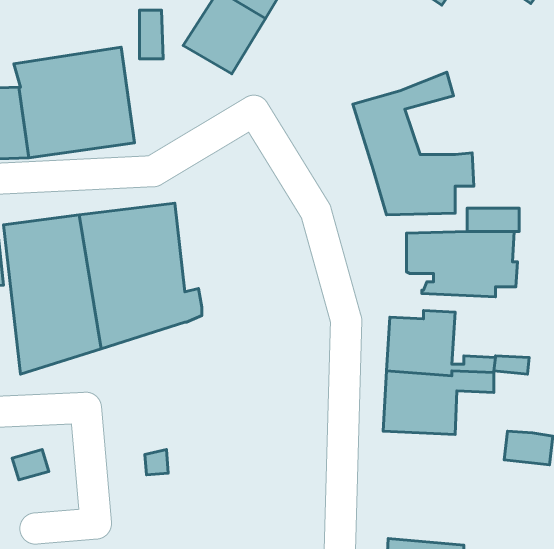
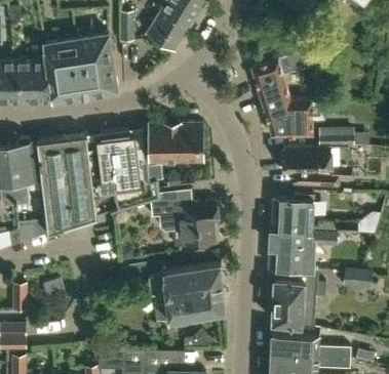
building: none -> [148,122,202,162]
building: none -> [148,190,218,247]
building: none -> [146,261,225,319]
building: none -> [272,271,324,328]

